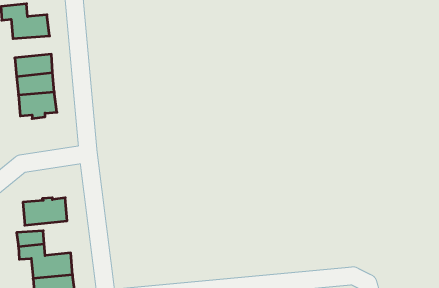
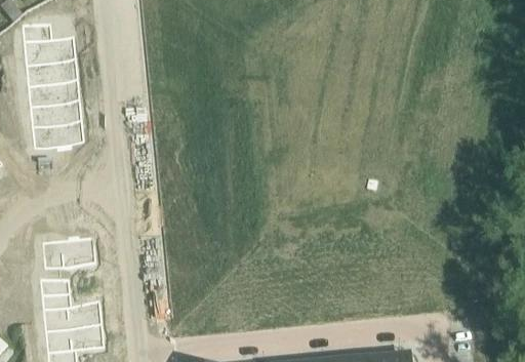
building: none -> [31,56,74,81]

